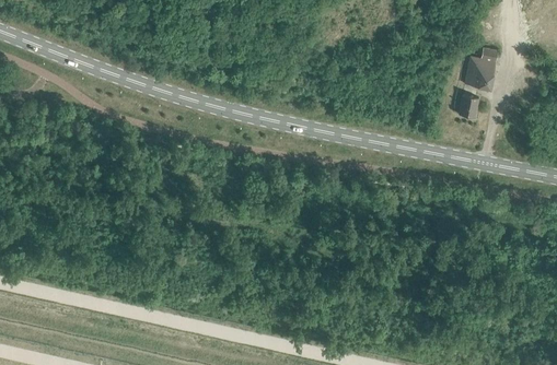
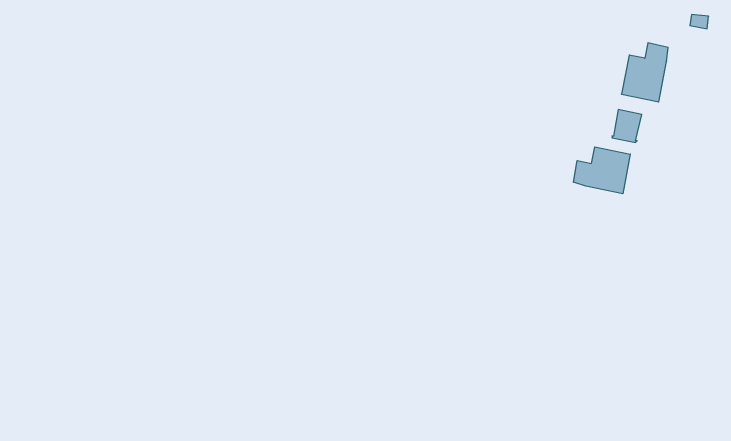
building: none -> [573,147,630,194]

